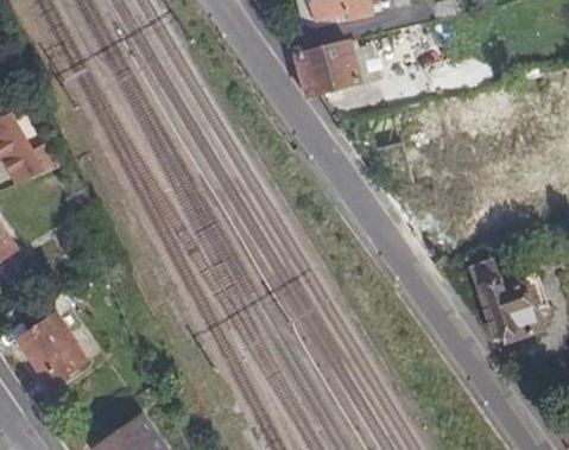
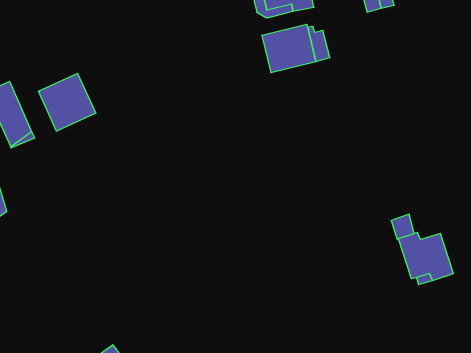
building: none -> [38,73,96,131]
building: [25,291,82,382] -> none

